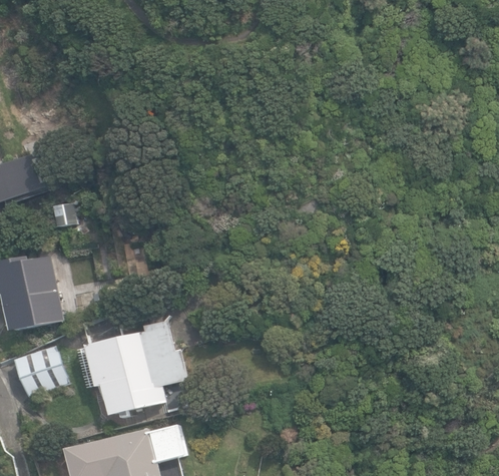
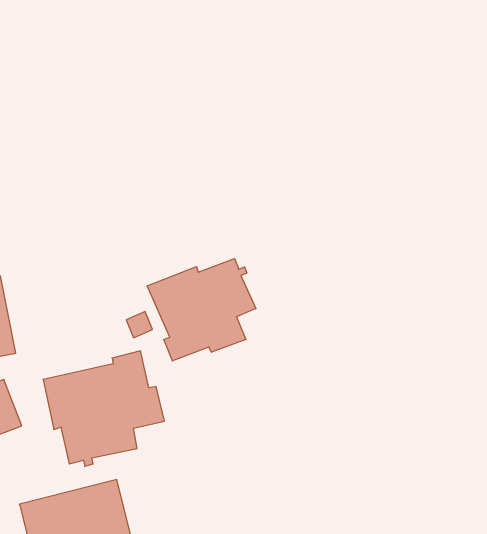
building: none -> [147,259,256,361]

